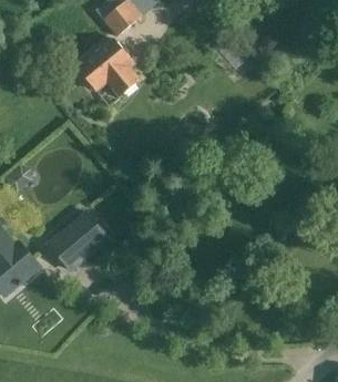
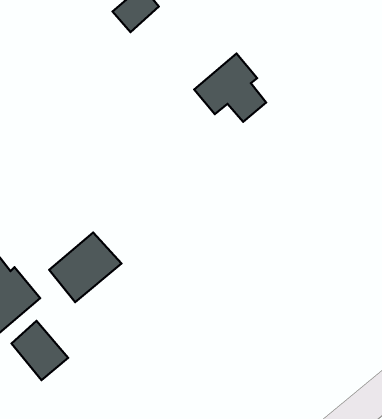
building: [78,38,140,96] -> [194,54,266,122]
building: none -> [12,321,68,380]

